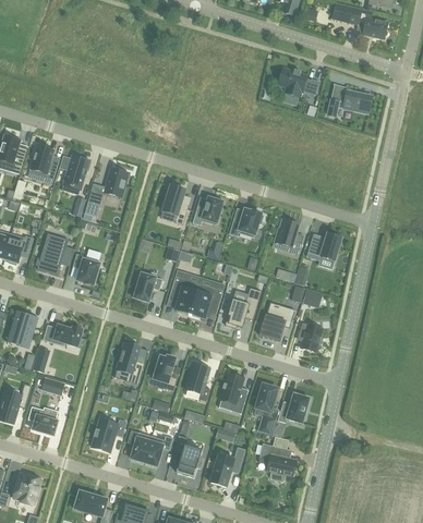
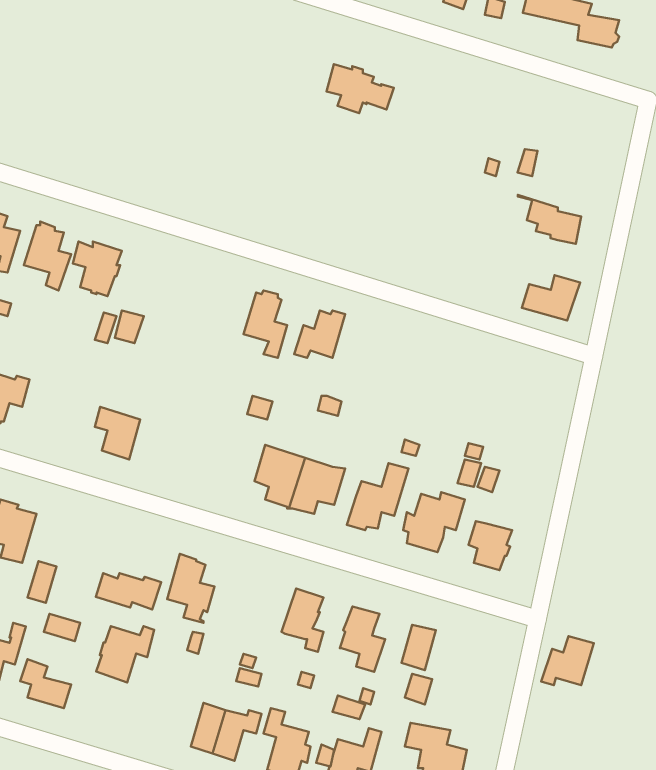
building: [278,68,318,97] -> [327,64,394,113]
building: [333,83,371,112] -> [518,195,581,244]
building: [102,168,128,197] -> none
building: [228,208,263,238] -> none
building: [274,219,303,254] -> none
building: [35,233,74,275] -> none
building: [306,233,341,260] -> [522,275,580,321]
building: [133,272,161,302] -> none
building: [43,325,82,346] -> [96,573,161,609]
building: [152,355,177,391] -> none
building: [277,393,309,423] -> [541,636,594,685]
building: [90,418,125,452] -> [96,626,154,683]

